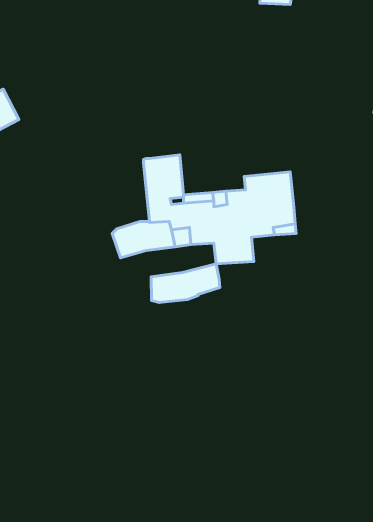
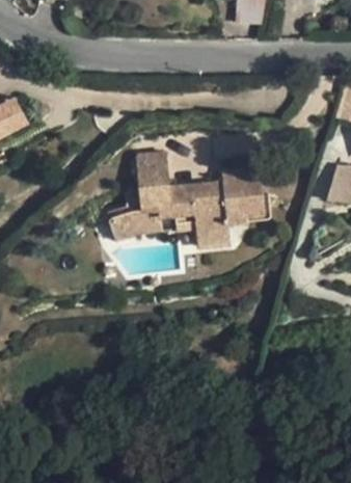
building: [151,264,220,303] -> none

